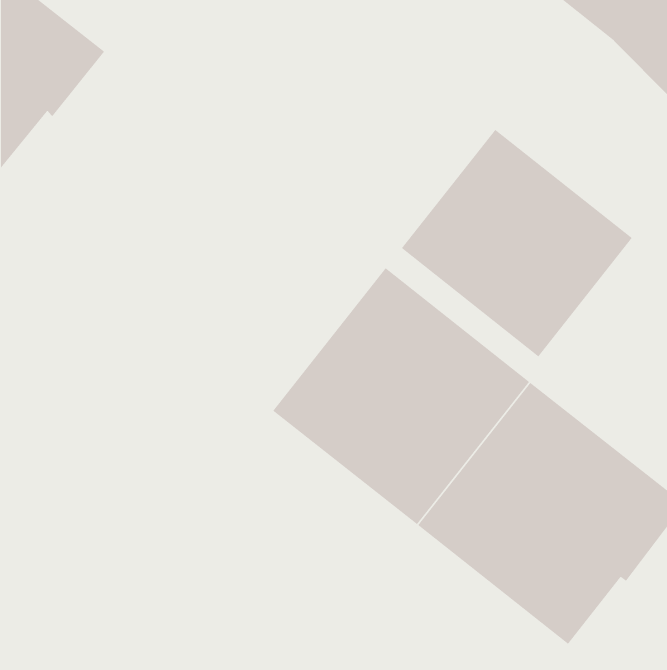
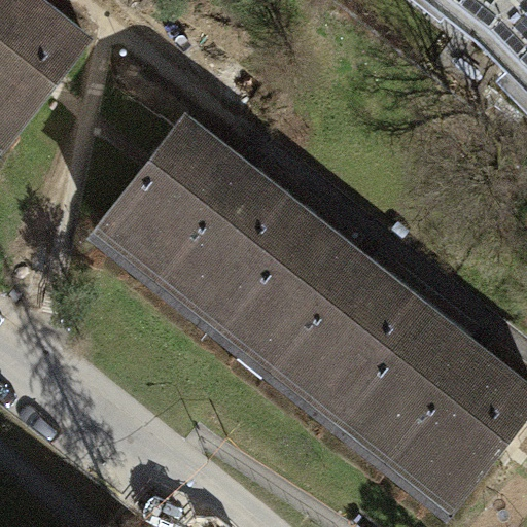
building: [401,129,633,357] -> none
building: none -> [101,114,306,321]

